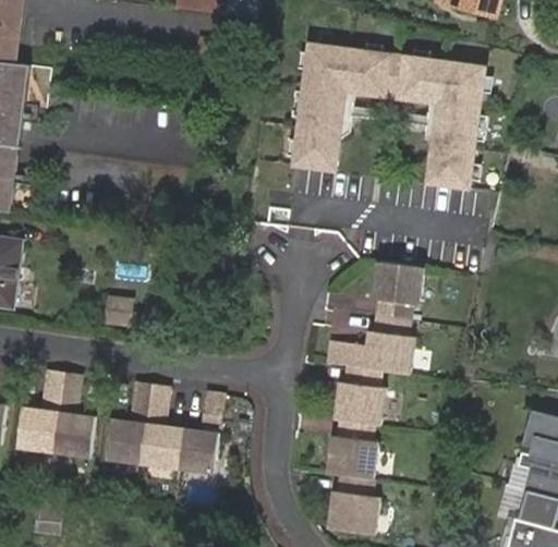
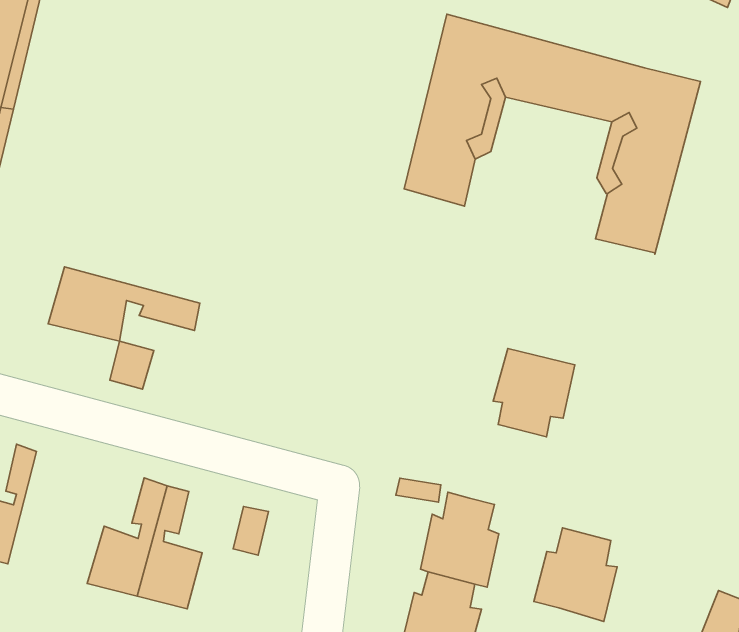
building: none -> [48,267,200,341]
building: [361,316,414,376] -> [534,528,617,622]
building: [53,374,95,455] -> none
building: [179,428,220,473] -> none

